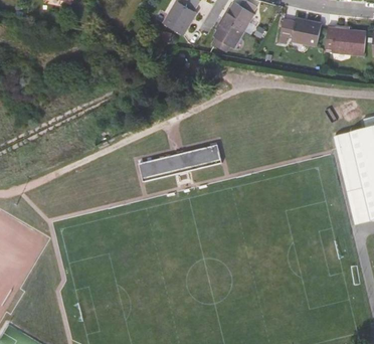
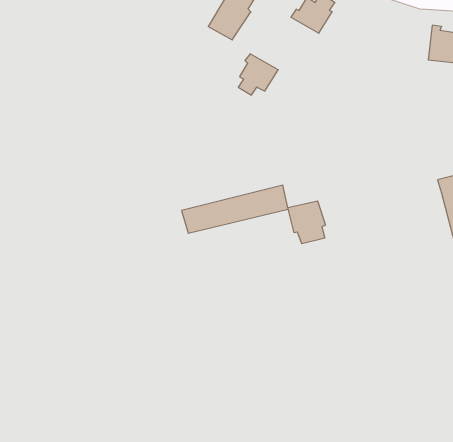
building: [213,17,243,48] -> [238,54,278,95]
building: [279,17,322,45] -> none
building: none -> [288,201,326,244]

